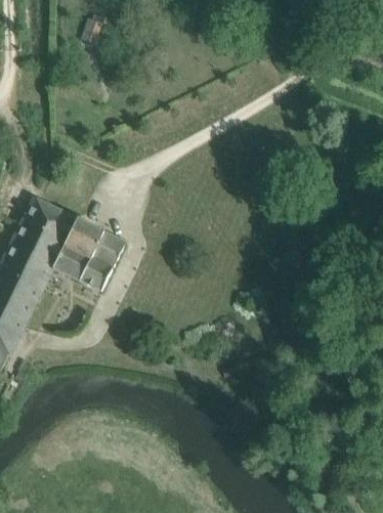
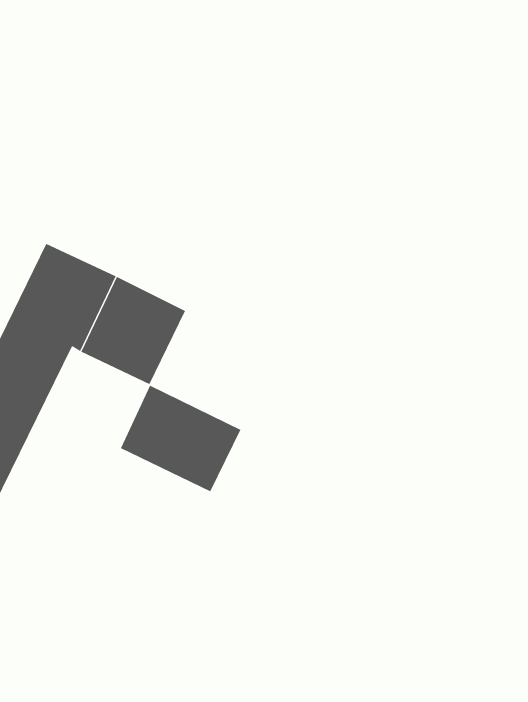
building: none -> [120,385,241,492]

